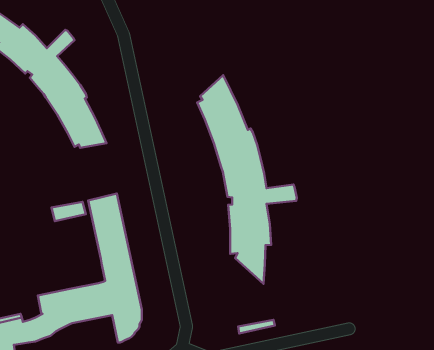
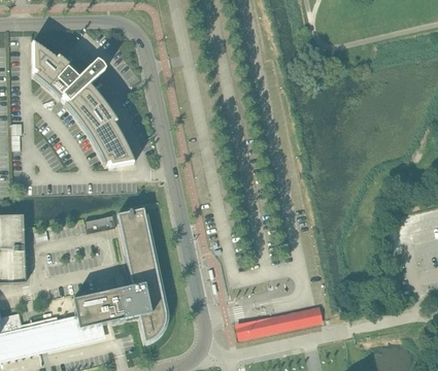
building: [197,75,297,284] -> none

